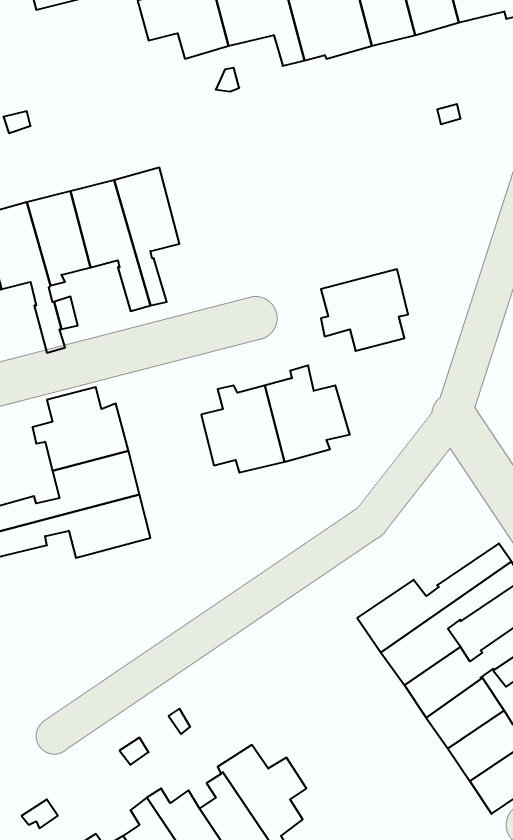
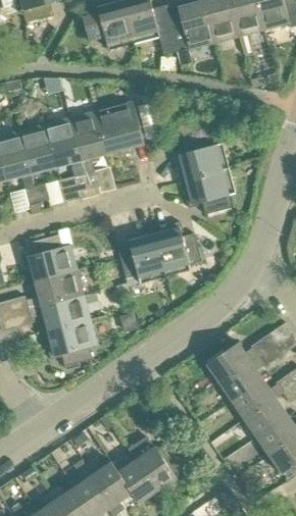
building: none -> [95,101,144,154]
building: none -> [175,133,229,179]
building: none -> [47,319,97,366]

